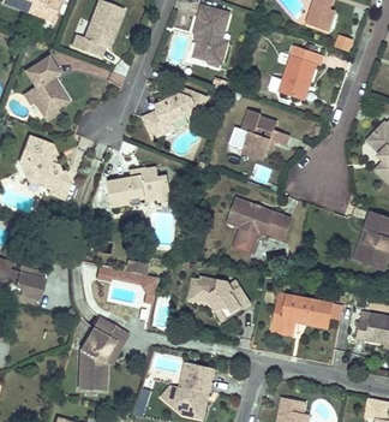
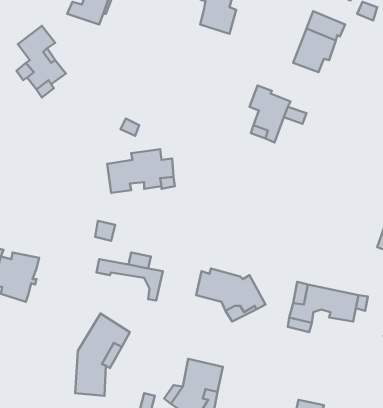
building: [144,90,208,139] -> none
building: [20,137,68,201] -> none
building: [222,198,287,255] -> none

